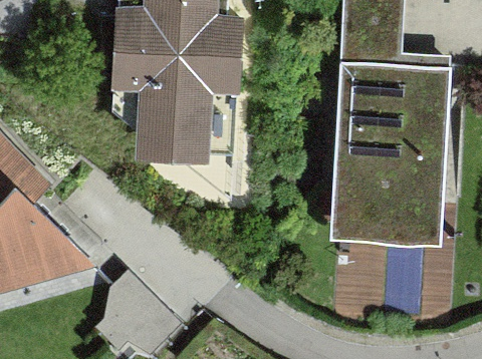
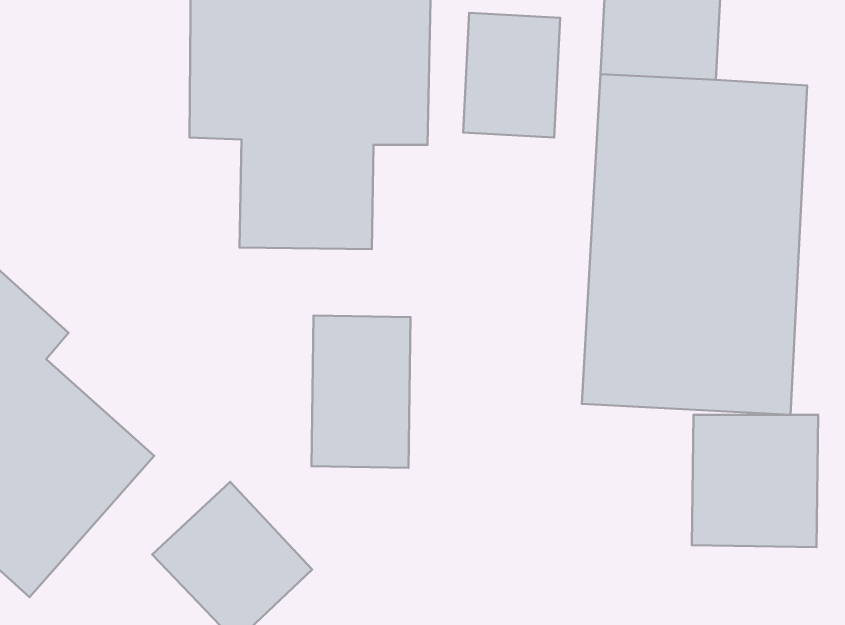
building: none -> [463,13,560,137]
building: none -> [311,315,411,468]

